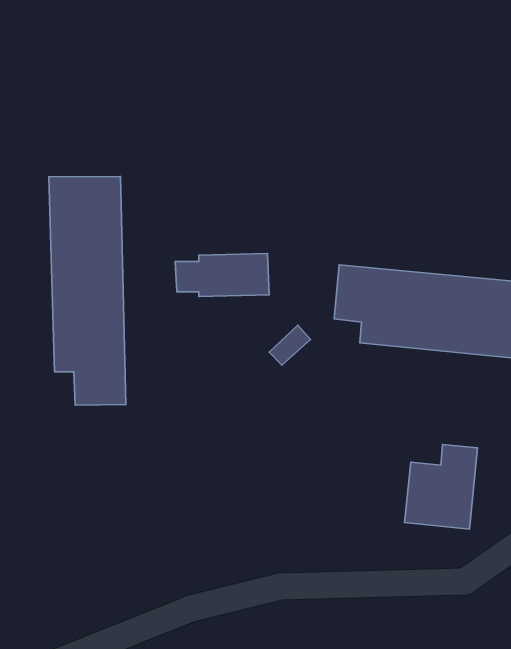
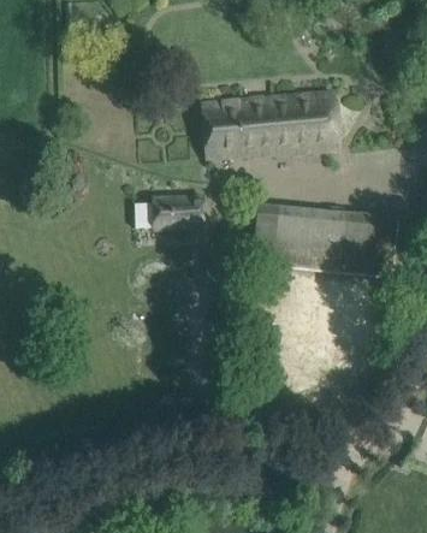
building: none -> [201,90,338,158]
building: [49,176,126,405] -> none

